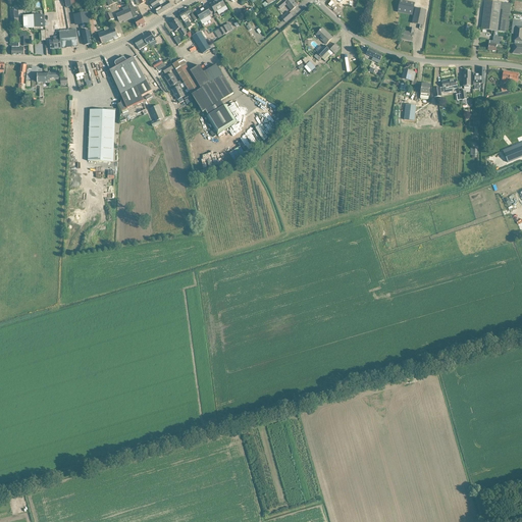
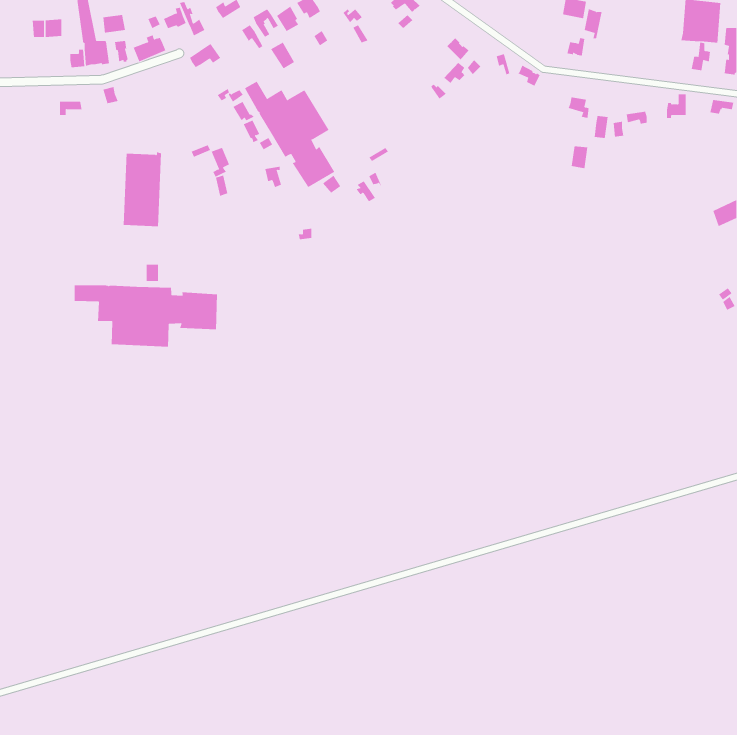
building: [109,55,151,109] -> none
building: none -> [74,284,217,347]

